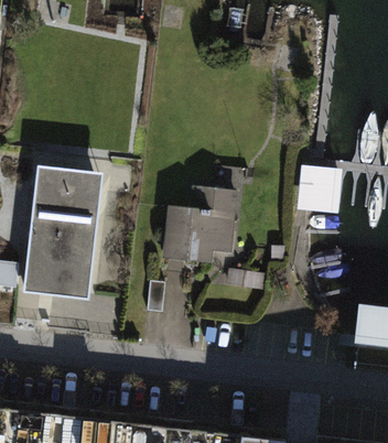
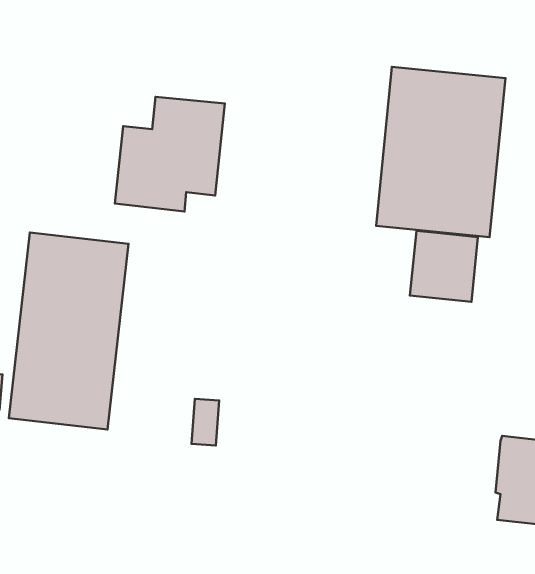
building: none -> [376,67,505,237]
building: [163,184,238,262] -> [115,97,225,212]

